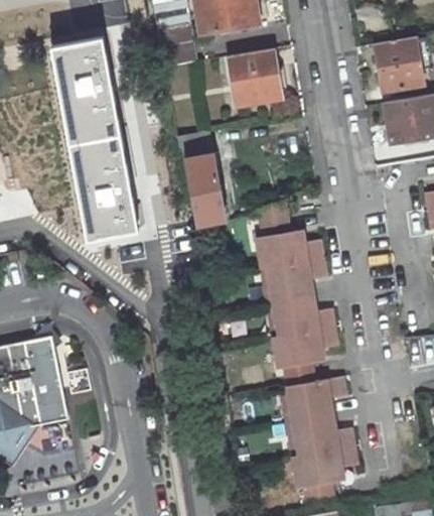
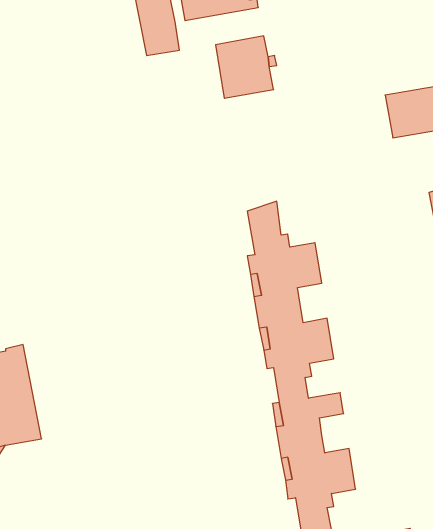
building: [375,36,423,91] -> none
building: [52,37,138,240] -> none
building: [177,131,226,228] -> none

